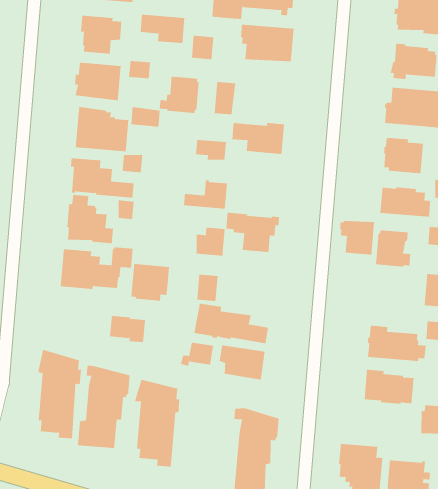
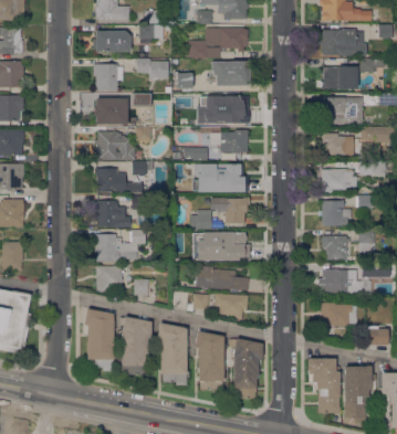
building: [159,76,200,113] -> [220,96,248,121]
building: none -> [221,165,249,189]
building: [339,221,375,255] -> [322,235,347,260]
building: none -> [222,233,248,257]
building: [130,264,170,301] -> [96,266,123,292]
building: none -> [194,331,226,392]

